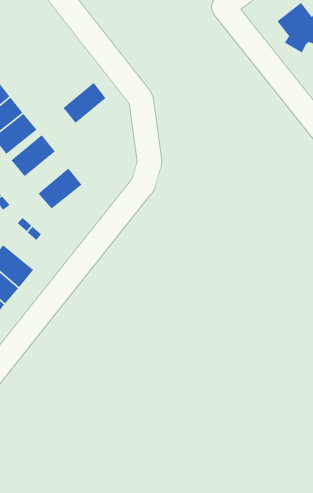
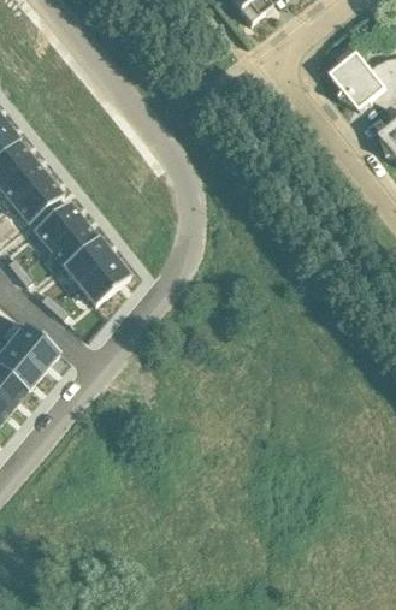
building: [62,82,107,124] -> [48,218,97,265]
building: none -> [78,255,129,303]

